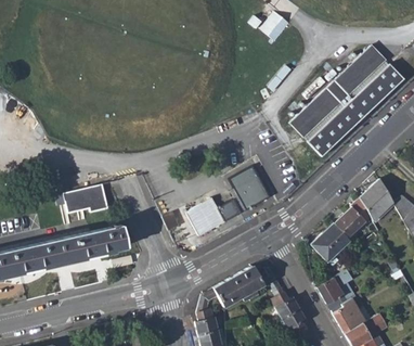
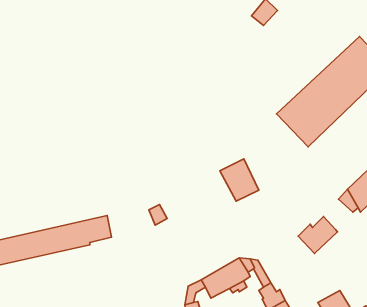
building: [55,184,107,214] -> none
building: [186,200,225,238] -> none
building: [335,208,365,239] -> none
building: [318,270,357,311] -> none

